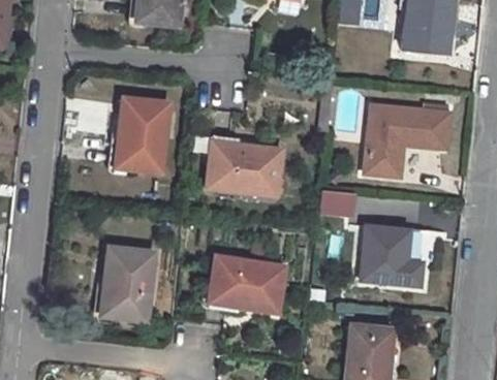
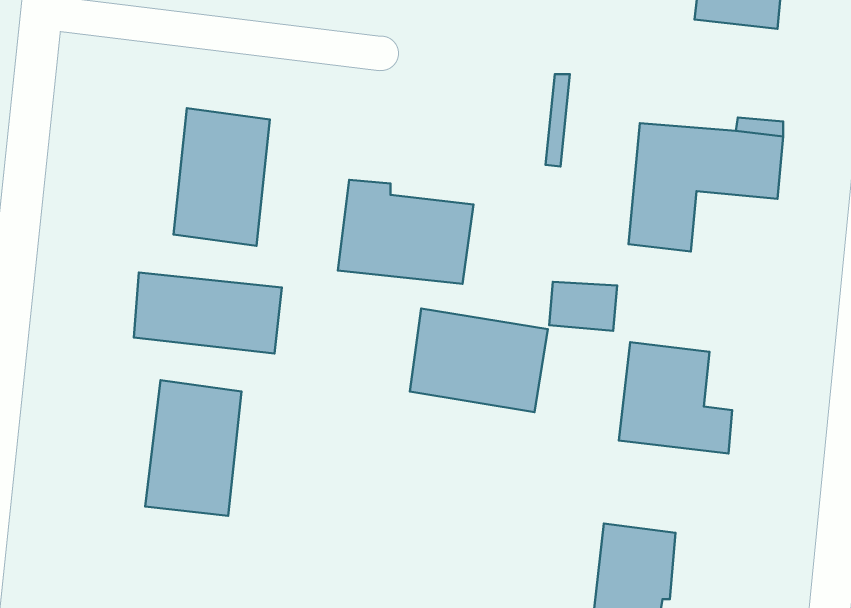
building: none -> [134,273,282,353]
building: [210,256,285,313] -> [410,308,548,412]

